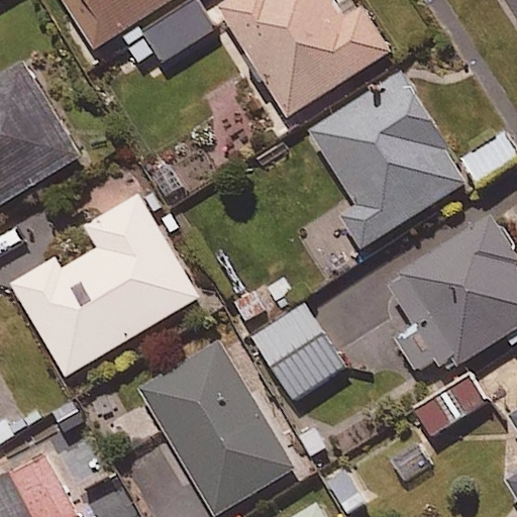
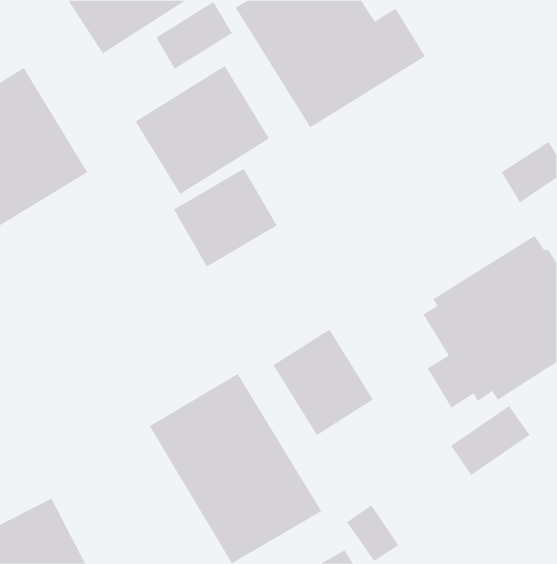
building: none -> [135,65,270,195]
building: [306,71,466,251] -> none
building: none -> [173,168,277,267]
building: [10,195,200,377] -> none

